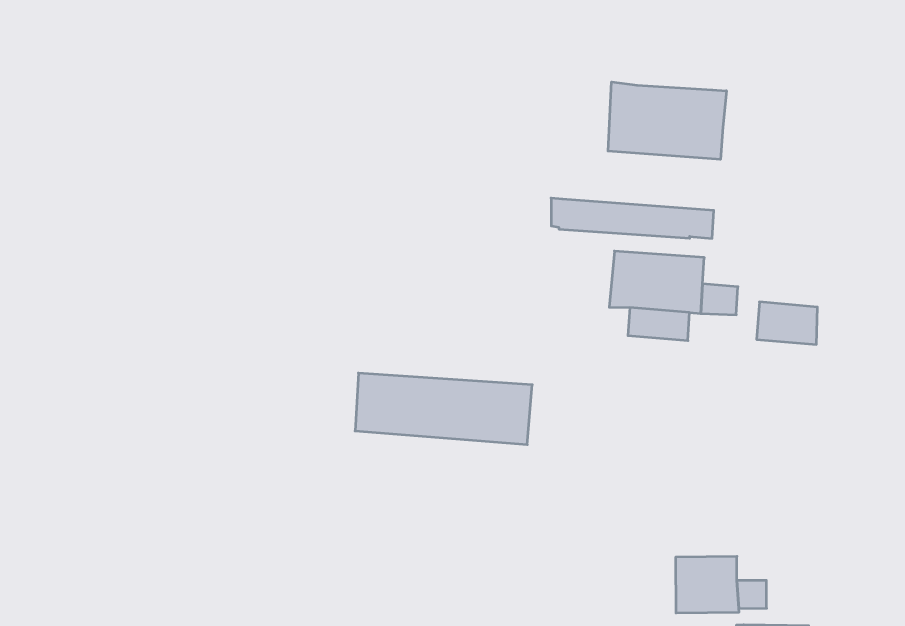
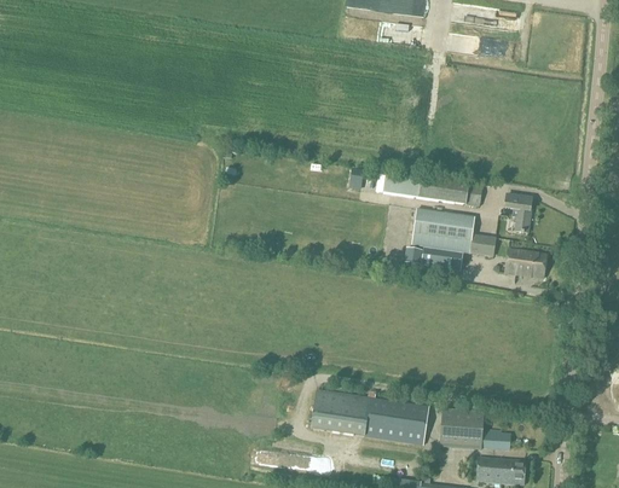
building: [608,82,726,159] -> none
building: none -> [505,193,532,232]
building: [355,373,532,445] -> [312,389,429,443]

